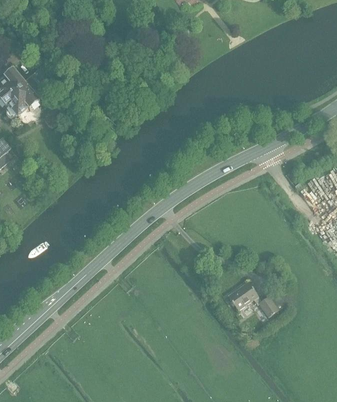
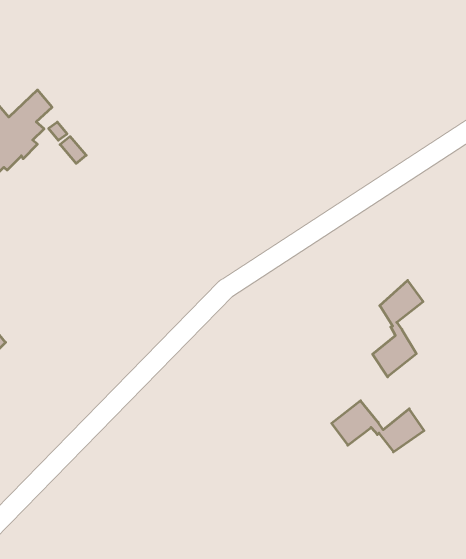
building: none -> [373,280,423,377]

